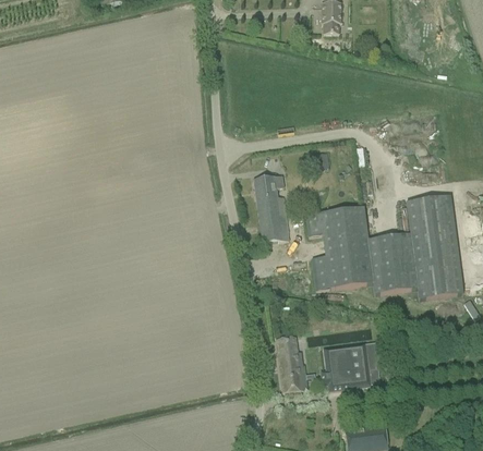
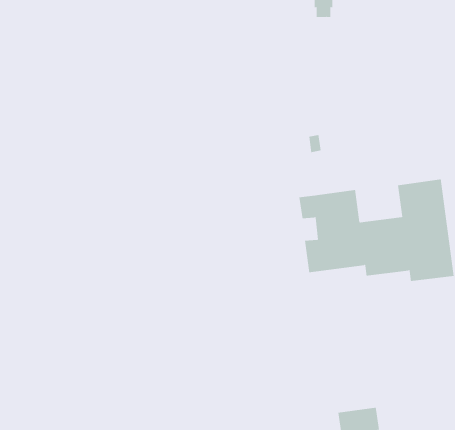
building: [253,173,289,242] -> none
building: [276,334,381,391] -> none

